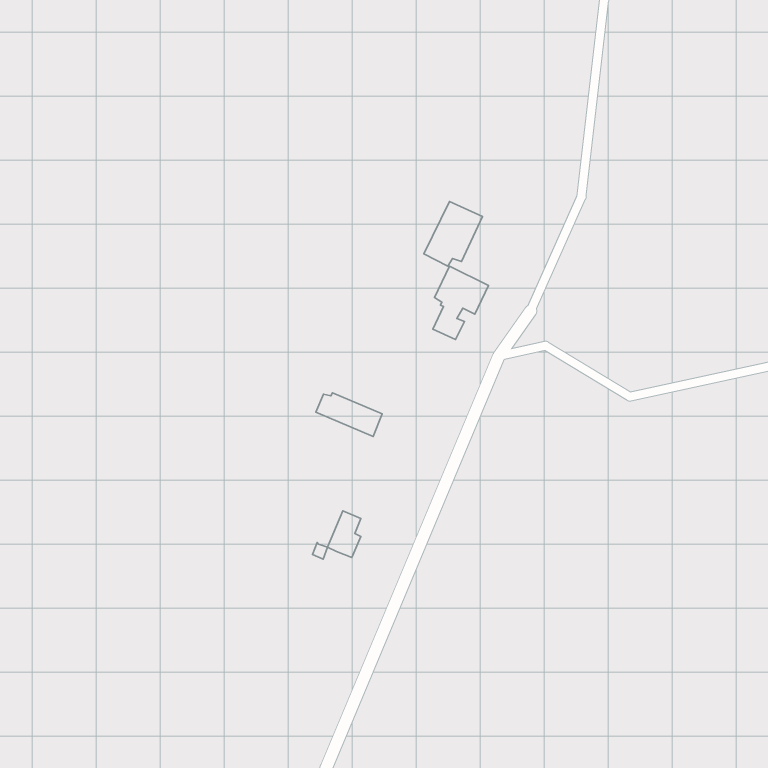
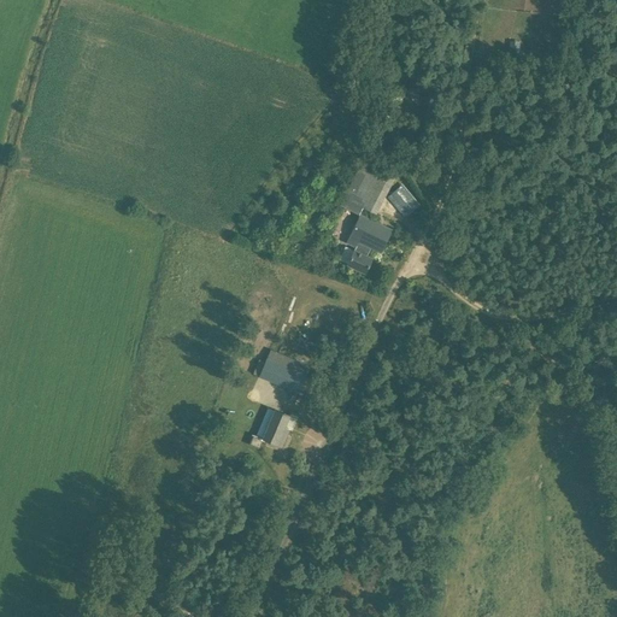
building: none -> [388,184,421,217]
building: [316,393,382,436] -> [253,358,306,393]

